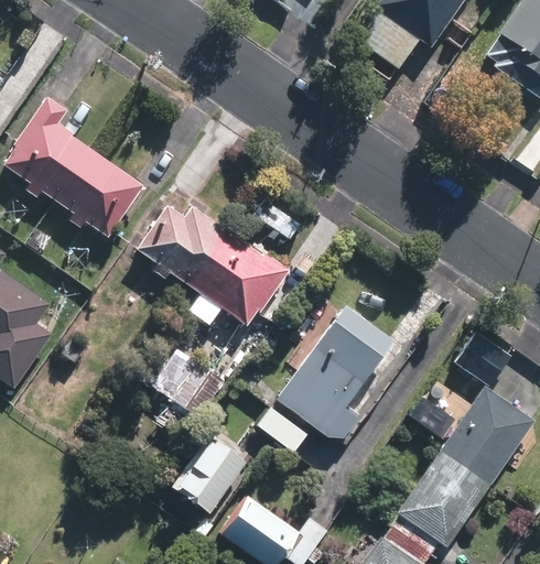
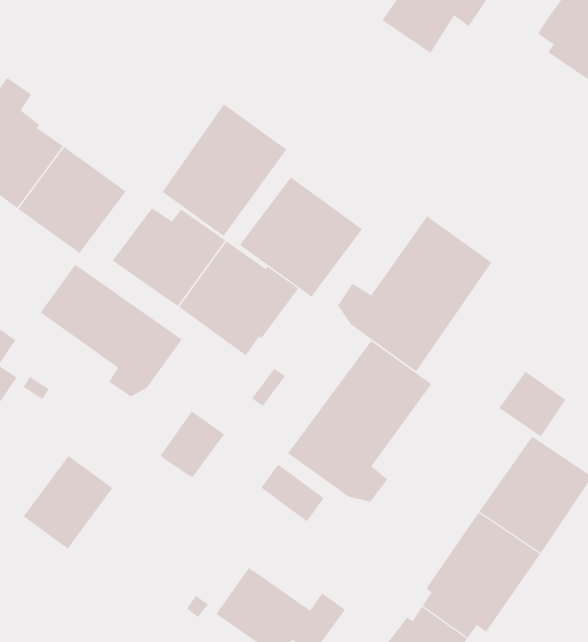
building: none -> [162,103,287,237]
building: none -> [239,176,363,297]
building: none -> [338,216,492,372]
building: none -> [40,264,183,397]
building: [174,438,249,517] -> [23,455,113,549]

